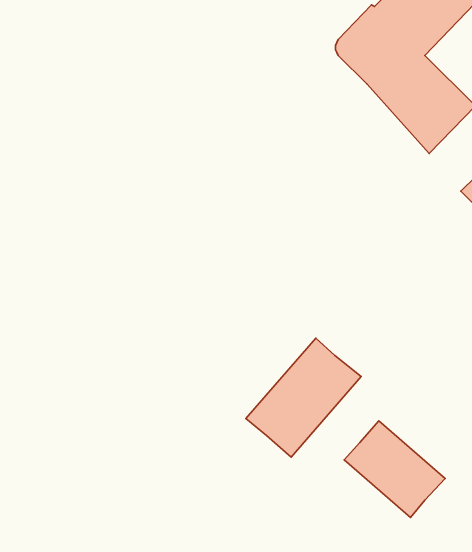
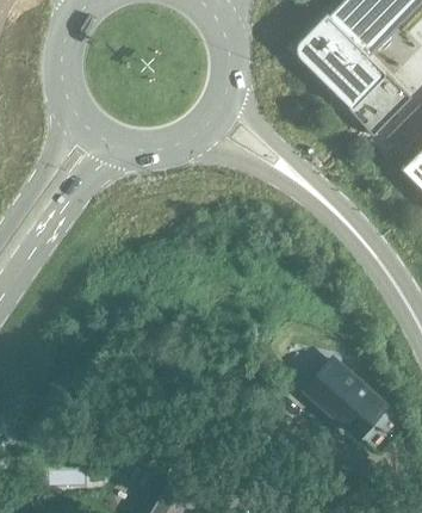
building: [246,338,361,457] -> none

